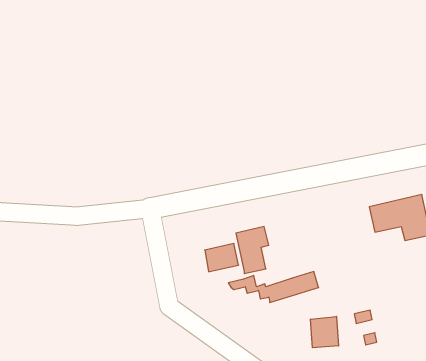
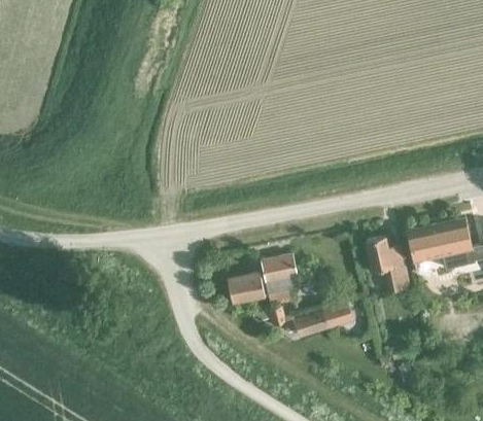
building: none -> [366,237,409,291]
building: [311,316,338,348] -> none

